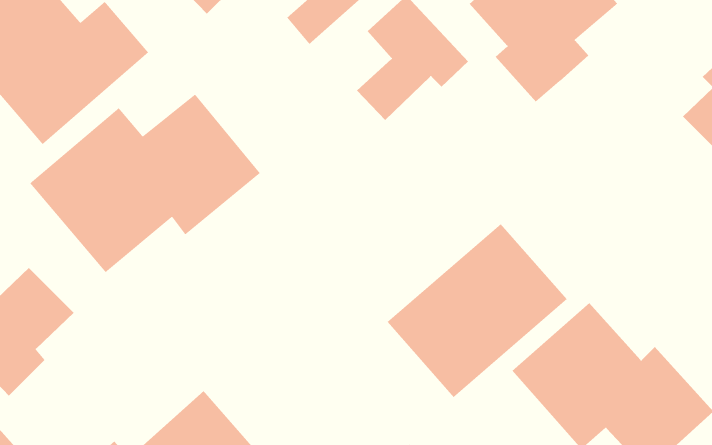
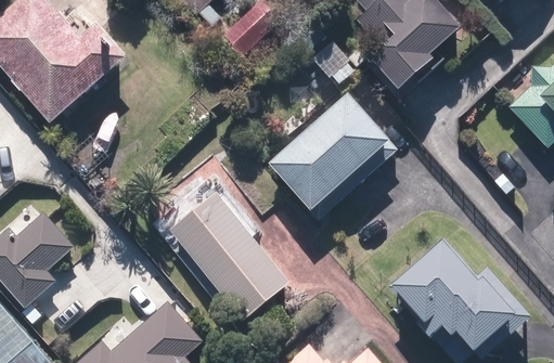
building: [29,93,261,273] -> none
building: [387,223,568,398] -> [266,95,395,220]
building: none -> [163,183,293,321]

